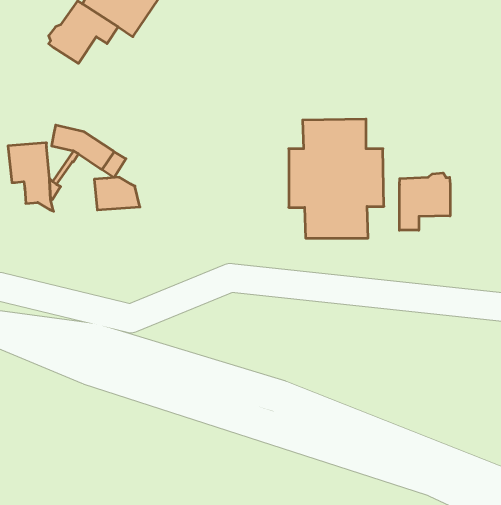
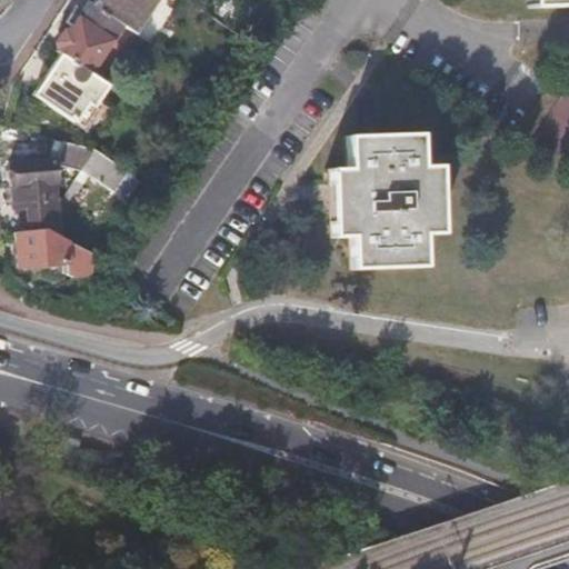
building: none -> [40,53,112,128]
building: [399,173,450,230] -> none
building: [94,177,140,210] -> [21,227,72,263]

